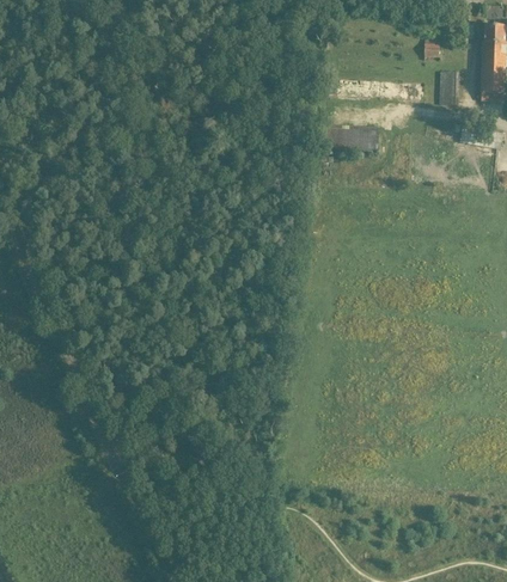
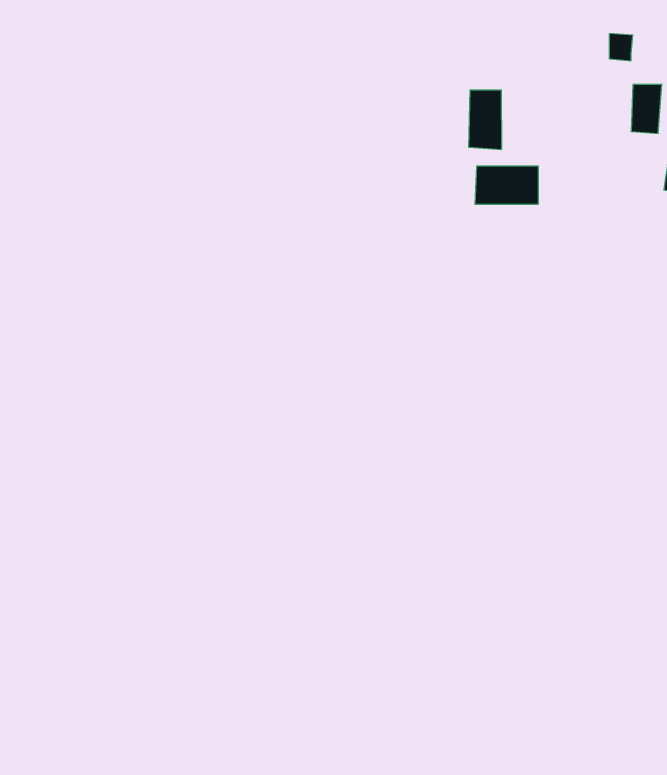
building: none -> [469,90,502,150]

